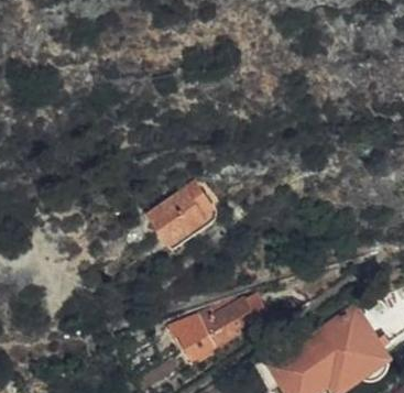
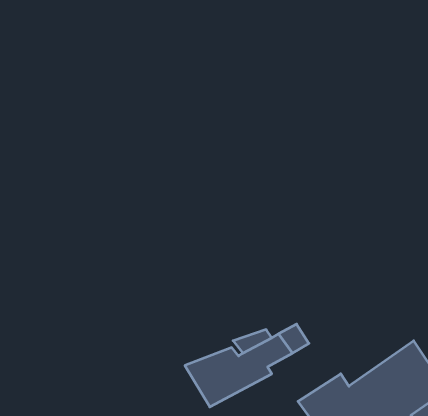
building: [148,189,215,248] -> none

